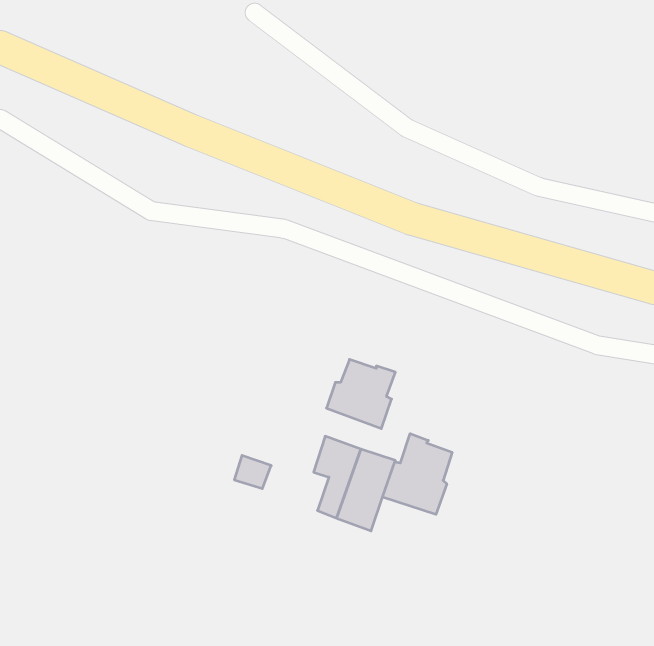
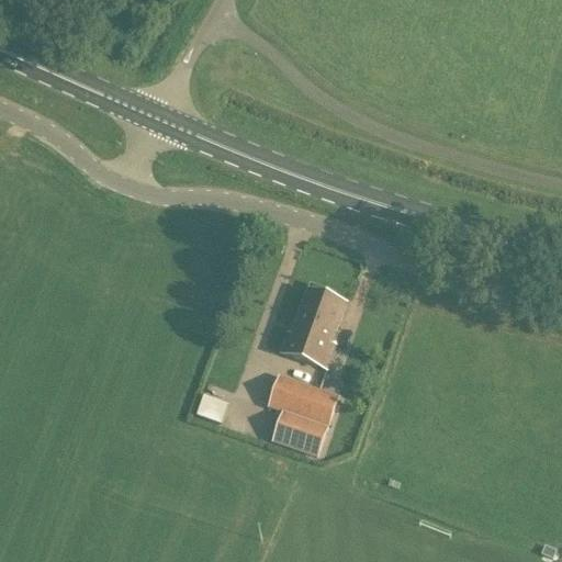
building: none -> [300,286,346,319]
building: [383,434,452,514] -> none

